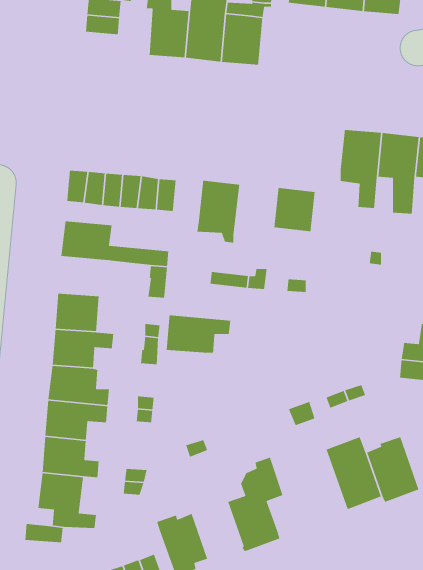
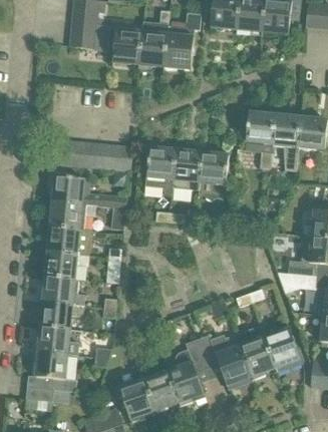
building: none -> [173,151,203,189]
building: [166,314,231,354] -> [50,201,95,229]
building: none -> [198,335,252,389]
building: none -> [143,371,179,411]

